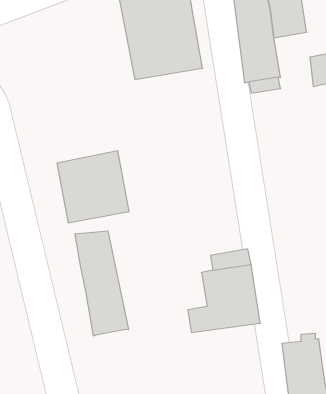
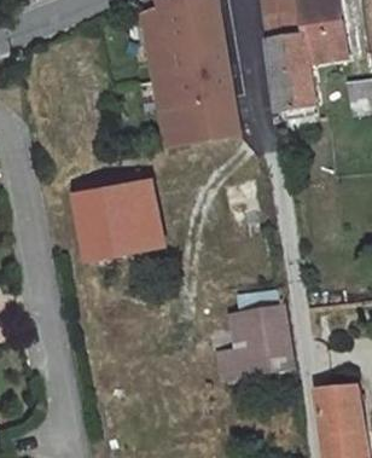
building: none -> [164,95,242,147]
building: [75,231,128,336] -> none

